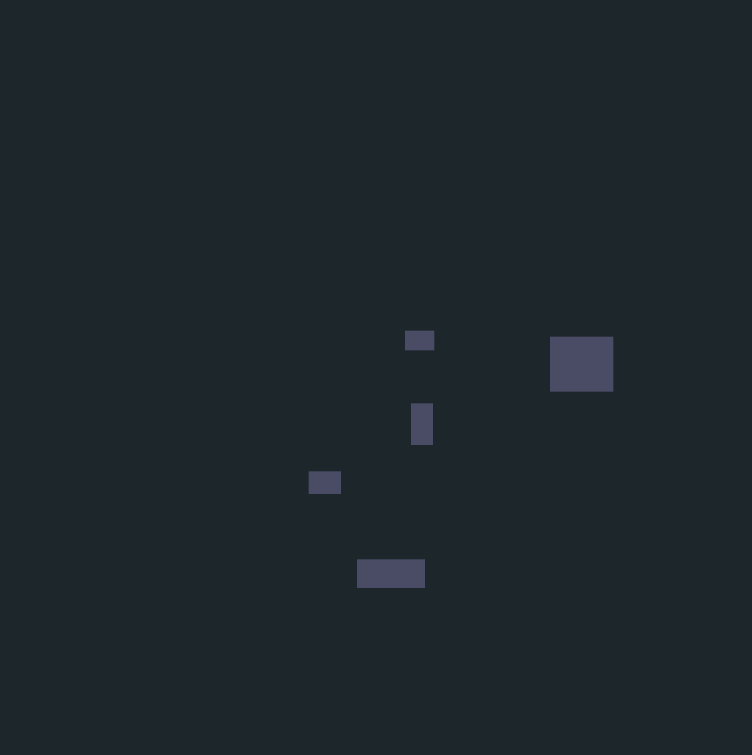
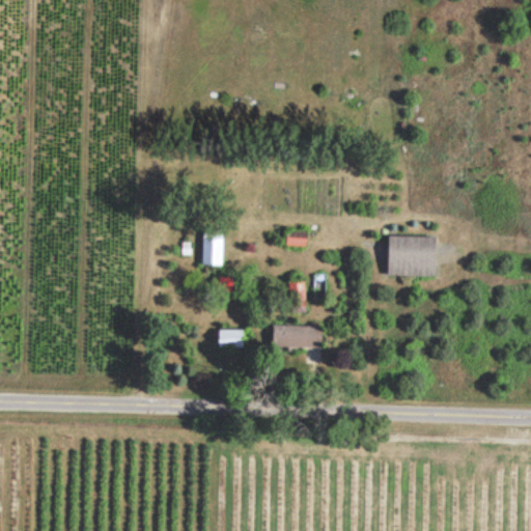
building: none -> [203,229,223,266]
building: [356,559,426,588] -> [273,326,322,346]

